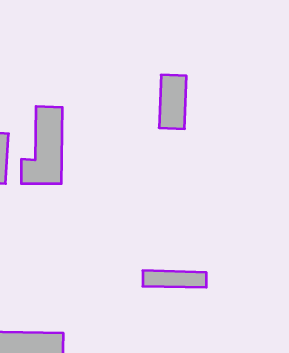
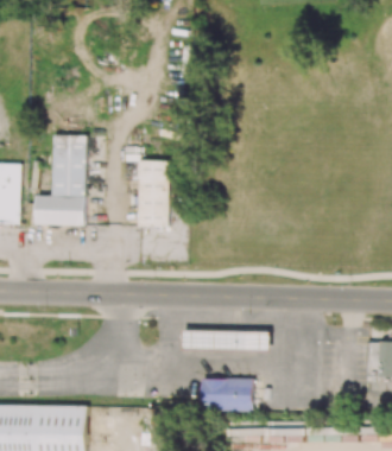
building: [159,75,186,129] -> [137,161,170,227]
building: none -> [201,377,252,411]

